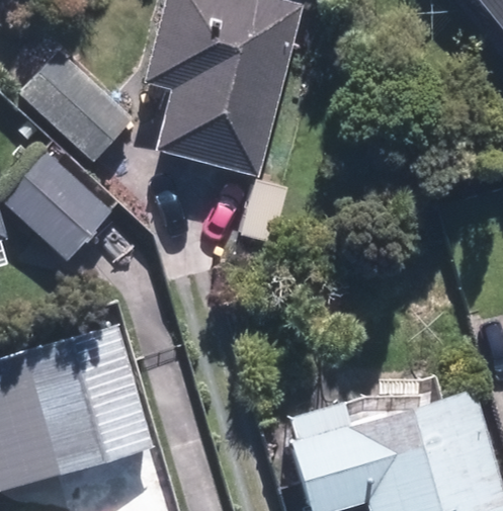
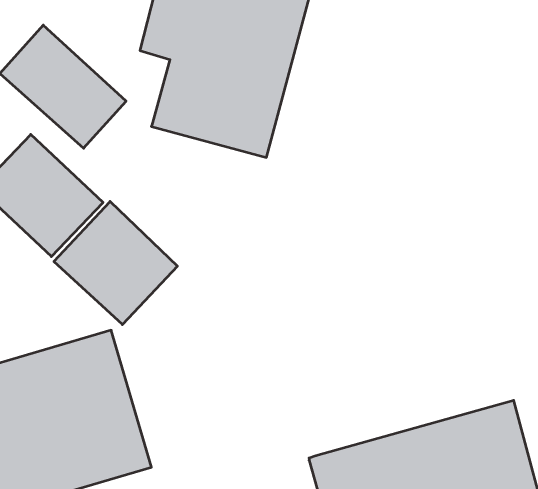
building: none -> [54,201,177,325]

